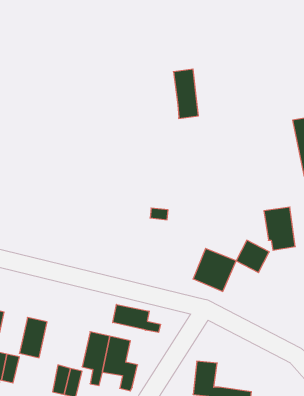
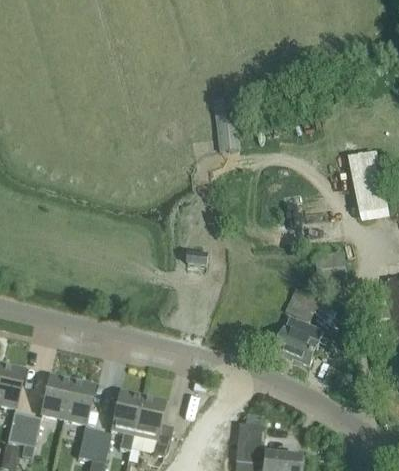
building: [193,248,236,291] -> [277,317,325,365]
building: [113,304,160,332] -> none
building: none -> [64,379,96,424]

